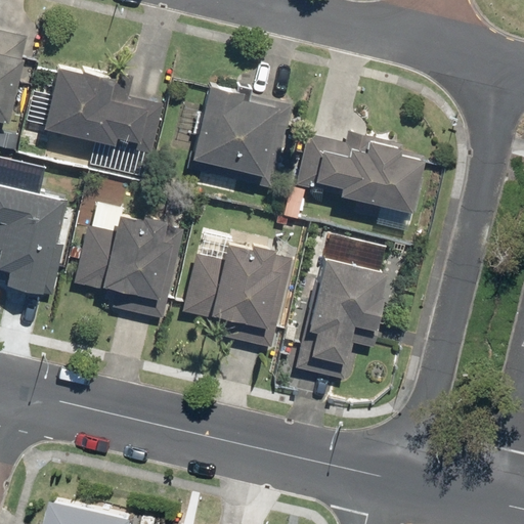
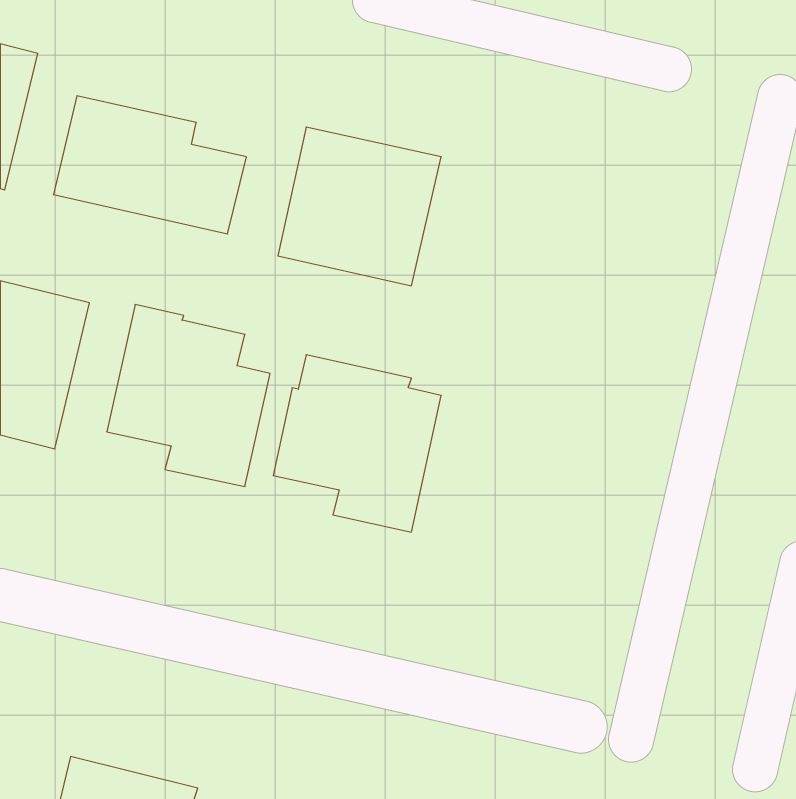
building: [295,131,427,231] -> none
building: [295,229,387,381] -> none

